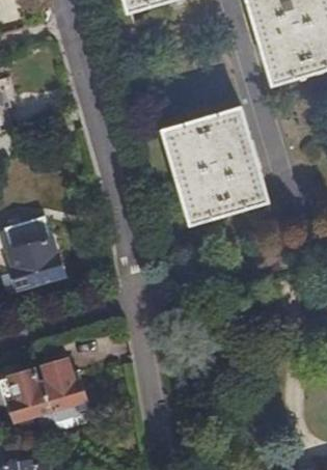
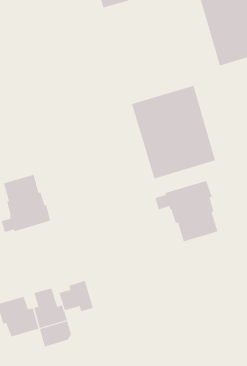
building: none -> [155,180,218,242]
building: none -> [59,280,94,312]

